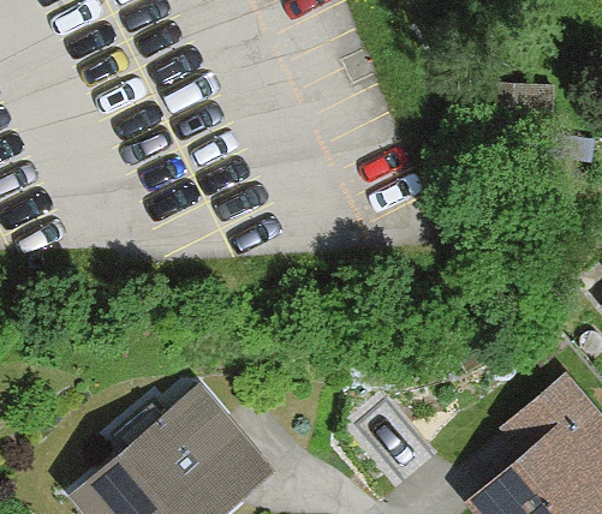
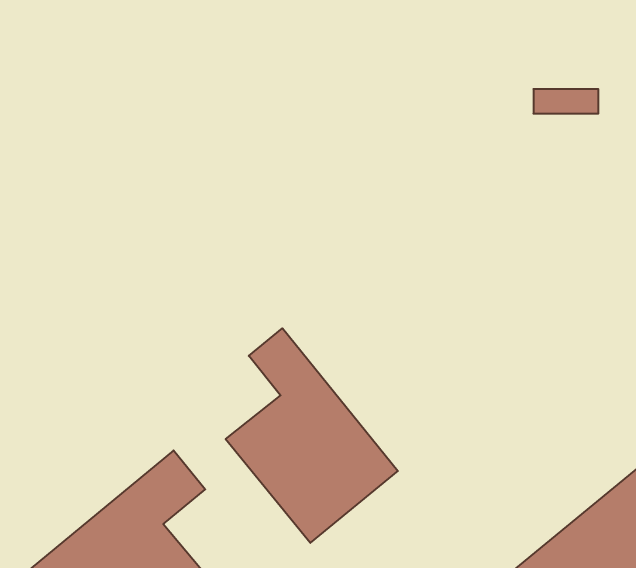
building: none -> [226,328,398,543]

